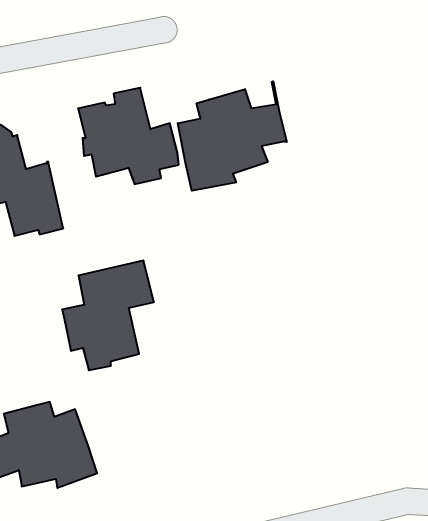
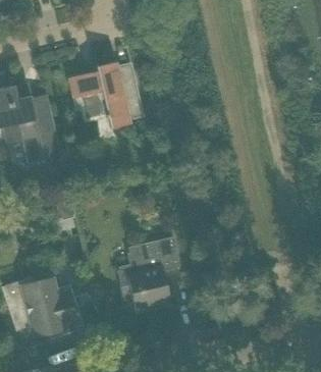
building: [178,81,287,191] -> none
building: [62,261,154,370] -> [117,236,180,312]

